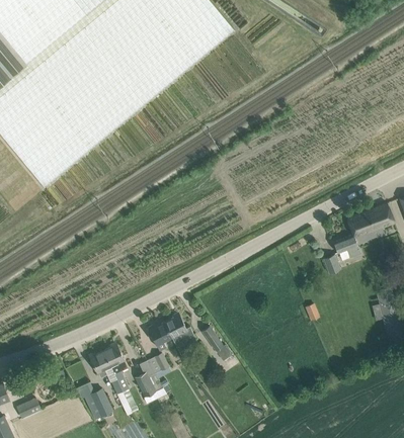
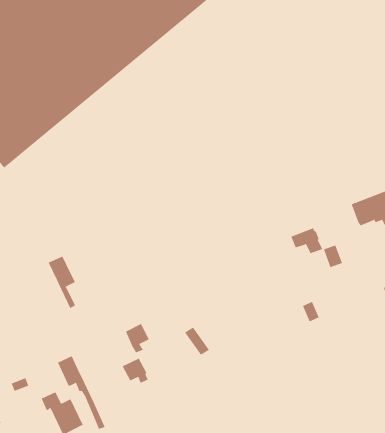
building: [333,235,361,258] -> [291,227,323,254]
building: [164,316,193,344] -> none
building: [103,345,128,391] -> [48,256,76,309]
building: [135,360,163,404] -> none

